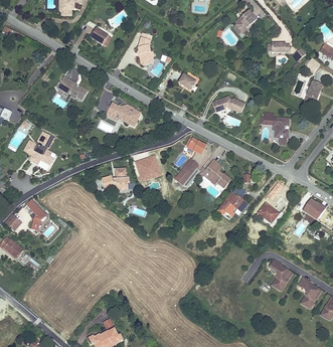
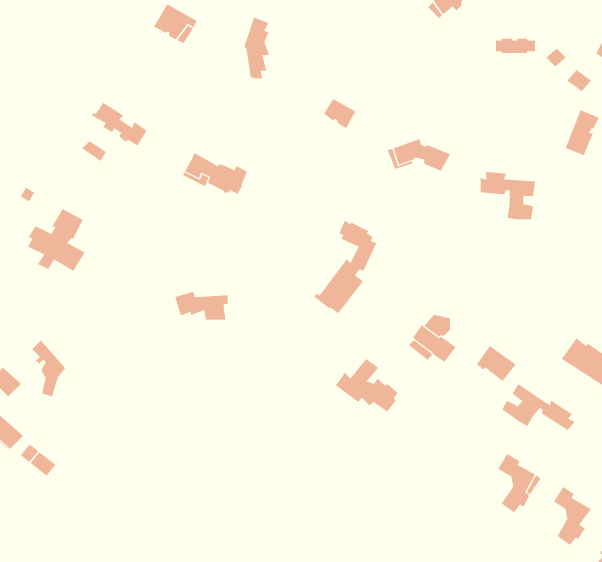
building: [135,155,159,179] -> none
building: [196,159,229,187] -> [335,358,399,412]
building: none -> [502,383,576,431]

